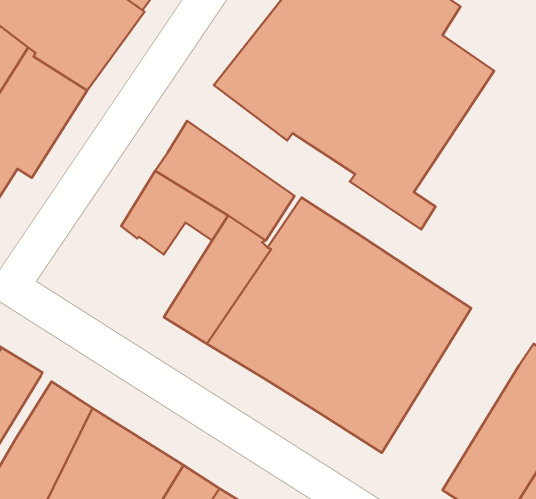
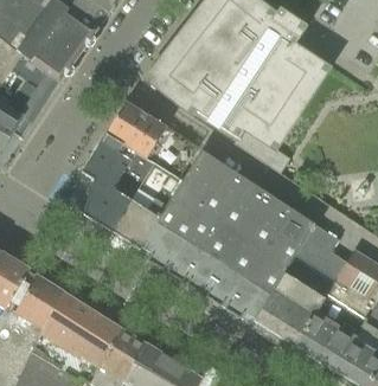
building: none -> [83,168,142,231]
building: none -> [255,225,346,346]

